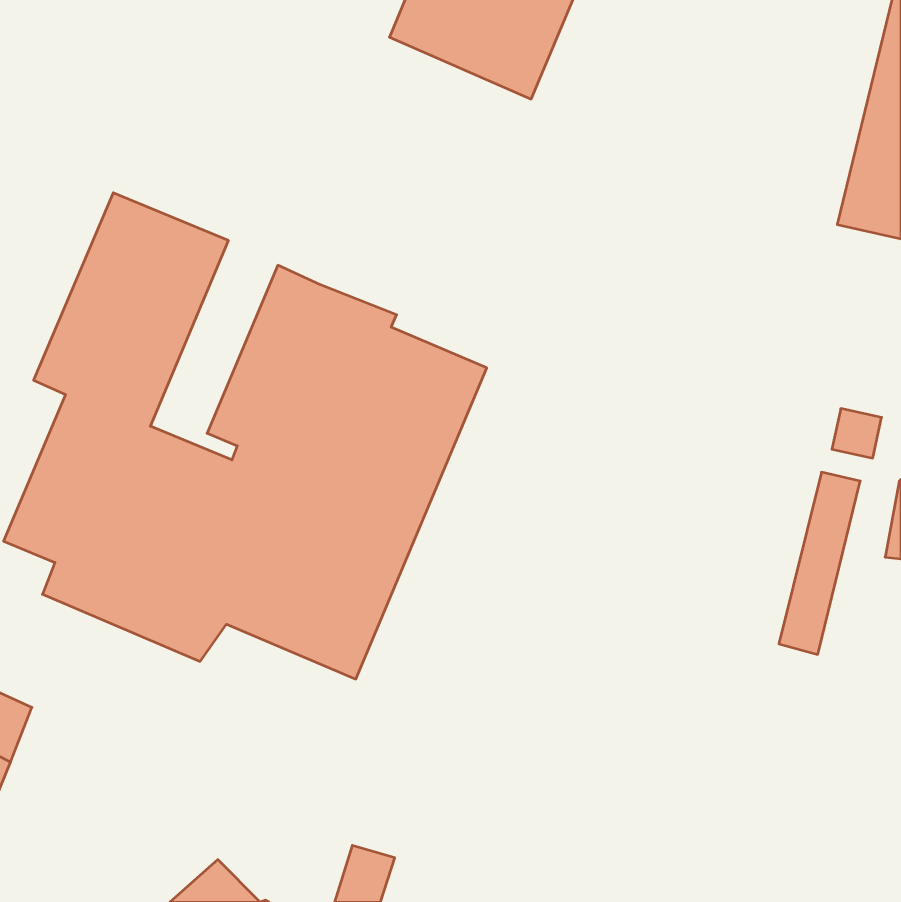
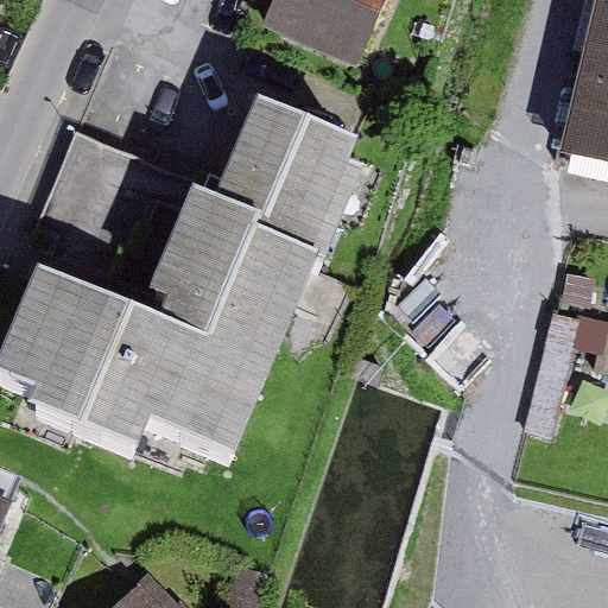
building: none -> [215,96,360,247]

